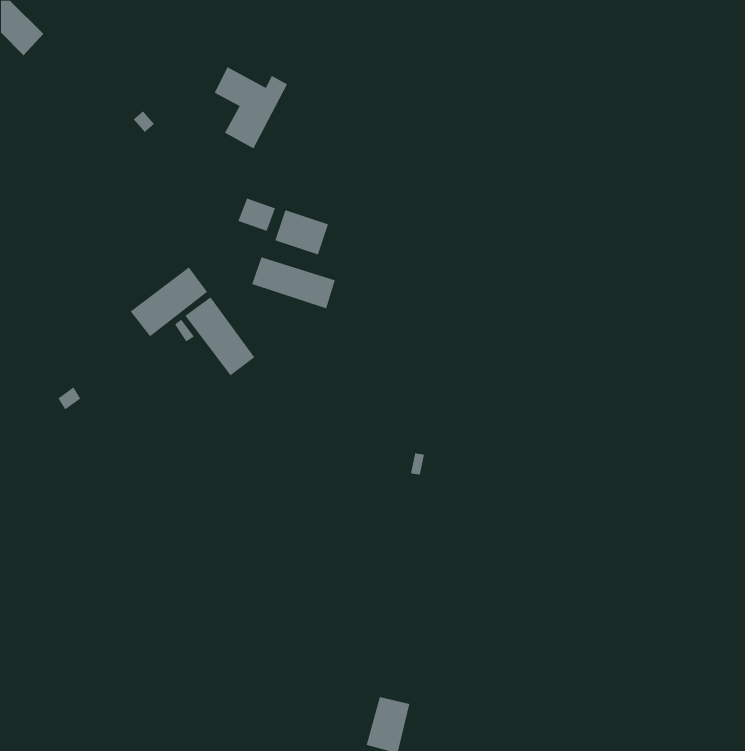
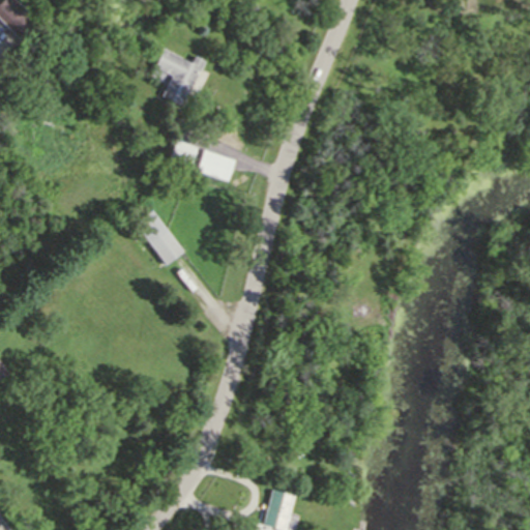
building: [252,256,335,309] -> none
building: [130,267,208,337] -> none

